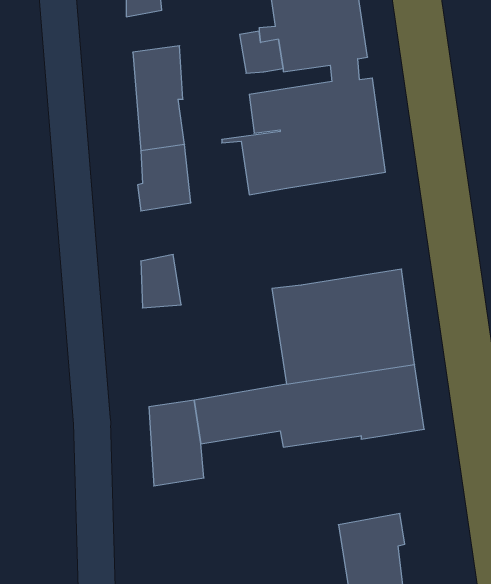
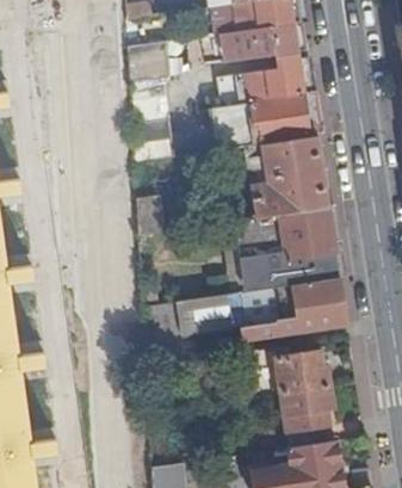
building: none -> [245,135,329,218]
building: none -> [251,346,328,399]

